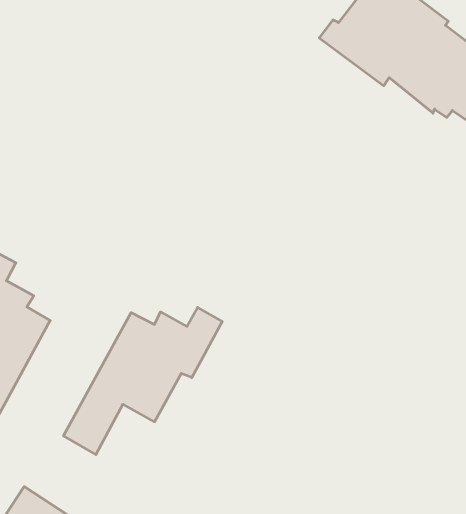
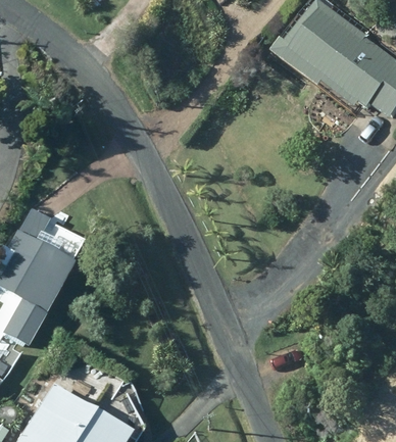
building: [64,307,222,455] -> none

